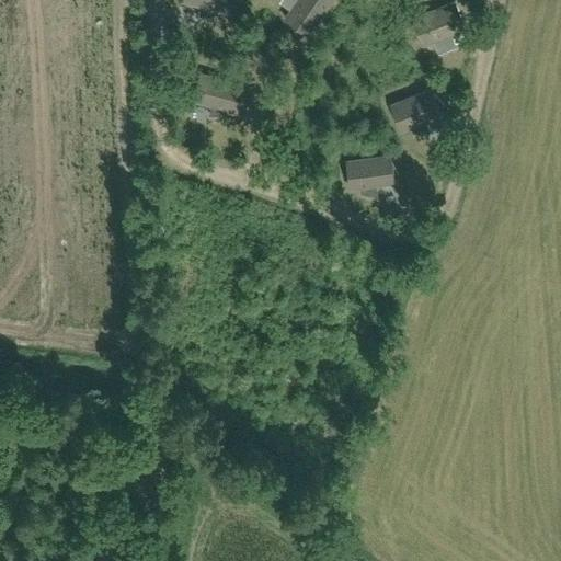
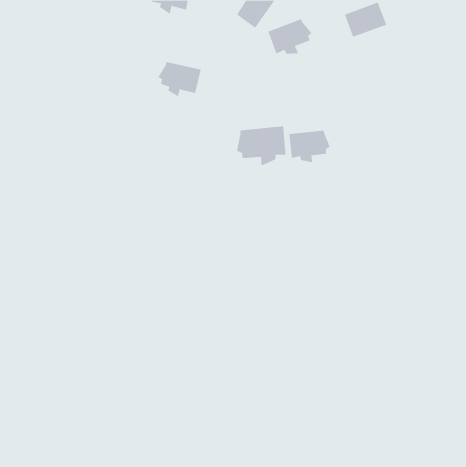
building: [389,90,443,133] -> [268,19,312,54]
building: none -> [236,125,286,166]

